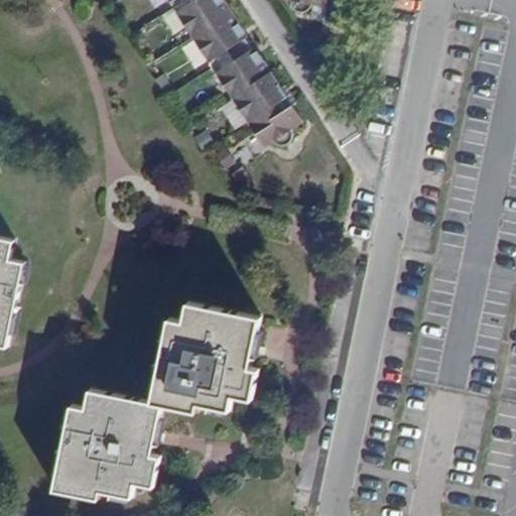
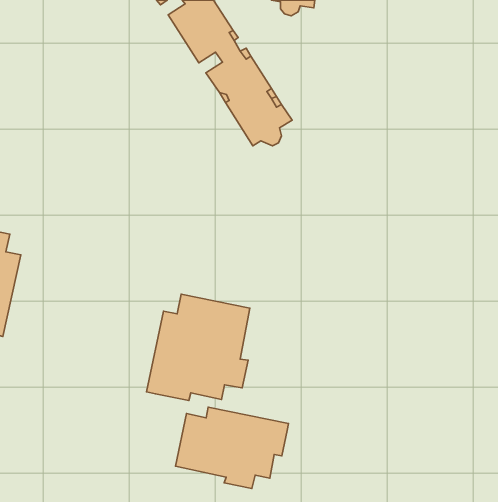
building: [52,390,159,499] -> none
building: none -> [175,407,288,488]

